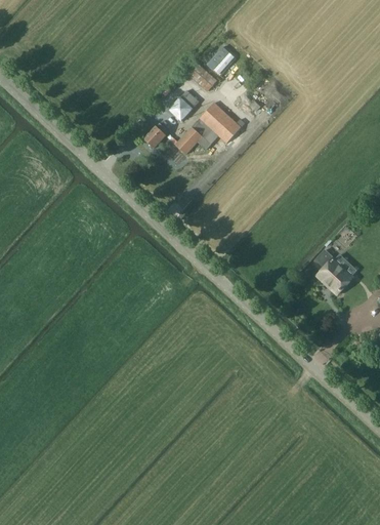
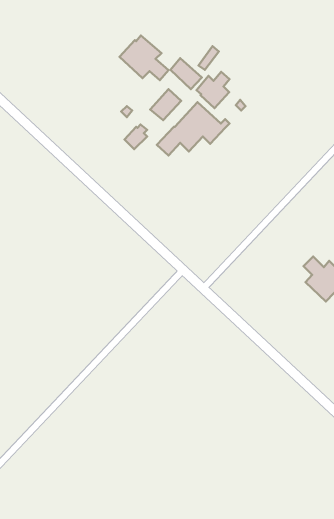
building: none -> [119,36,168,80]
building: none -> [196,72,230,108]

